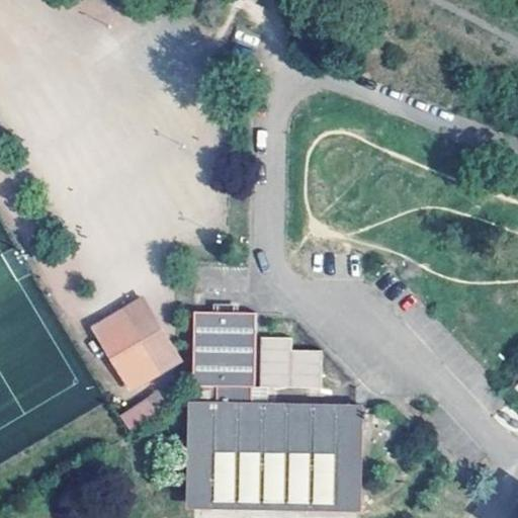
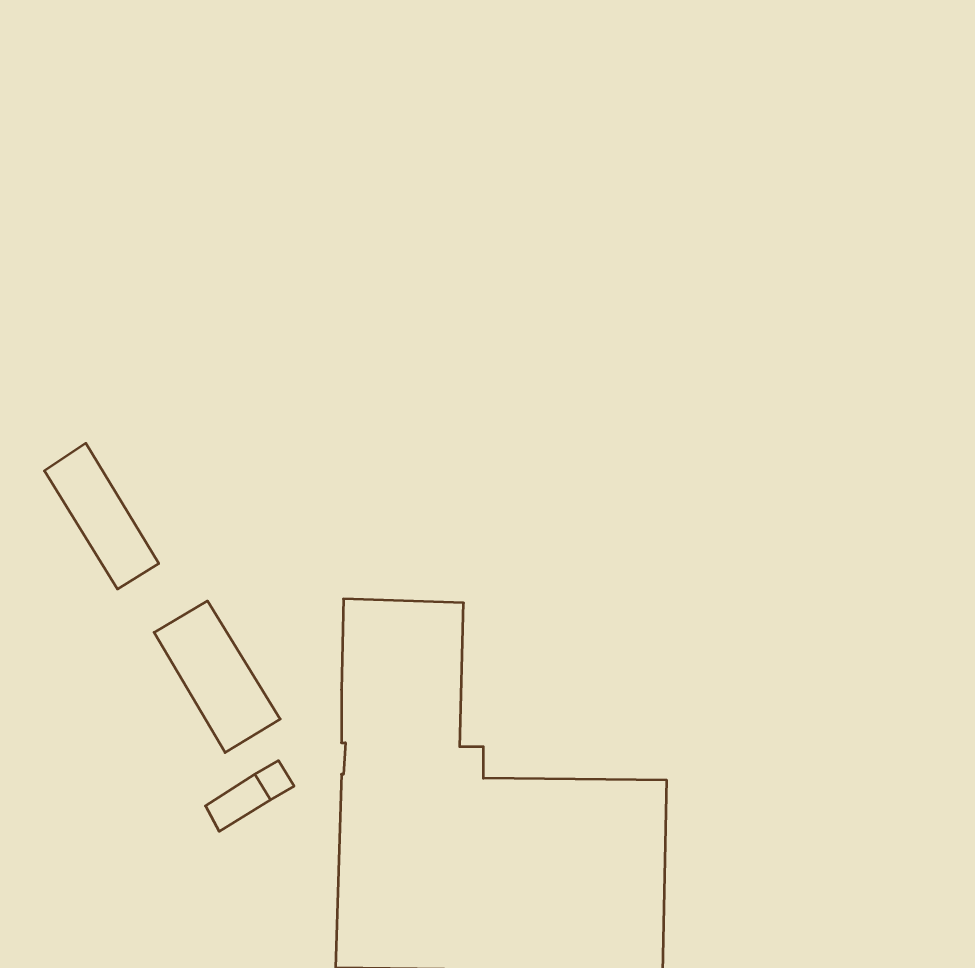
building: [122,298,181,373] -> [44,443,159,589]
building: [256,338,319,388] -> none

